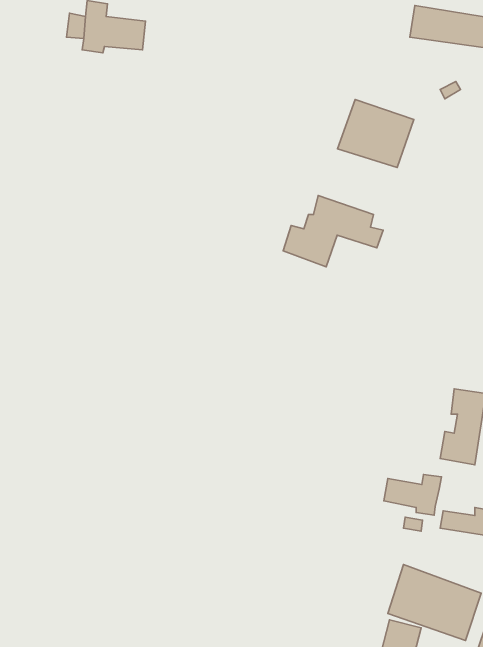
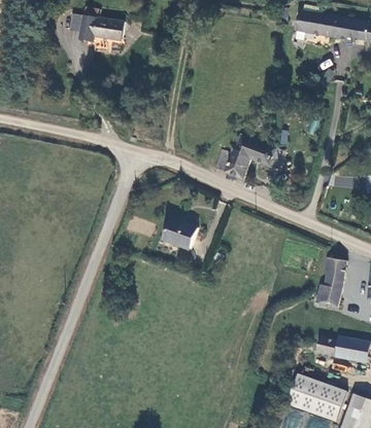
building: [337,99,414,168] -> none
building: none -> [163,218,198,250]
building: [384,474,441,515] -> none

